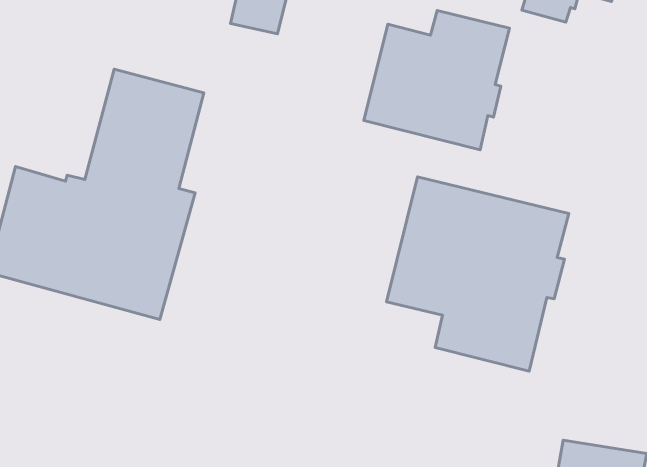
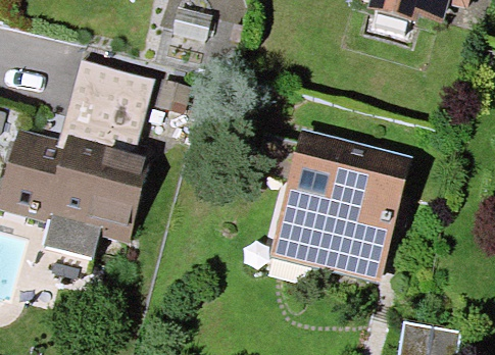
building: [364,11,510,150] -> none

